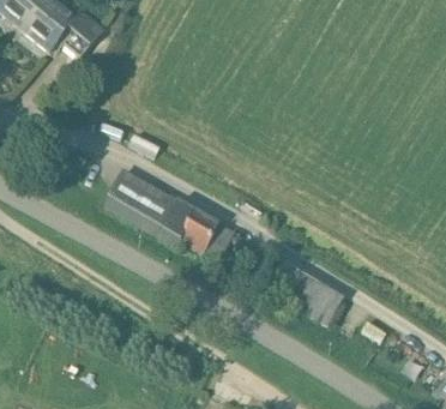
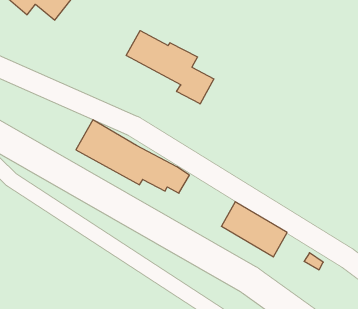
building: none -> [126,31,214,104]

